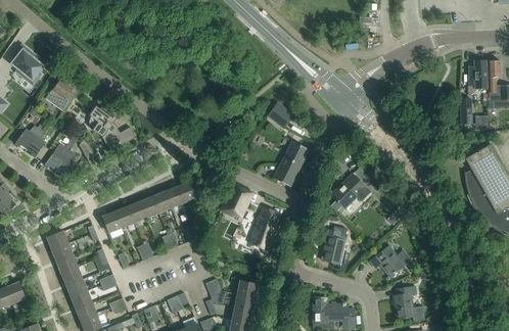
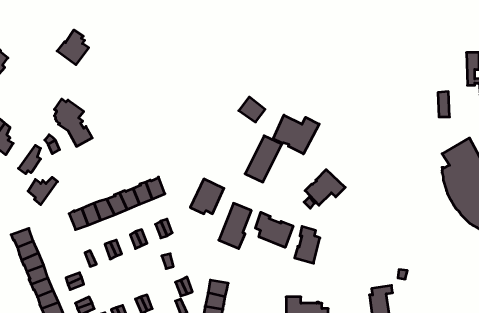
building: [469,60,487,88] -> none
building: [45,78,76,111] -> [57,30,89,65]
building: none -> [273,115,319,154]
building: [41,146,70,173] -> [28,177,58,205]
building: none -> [255,212,293,247]
building: [370,246,410,276] -> none

